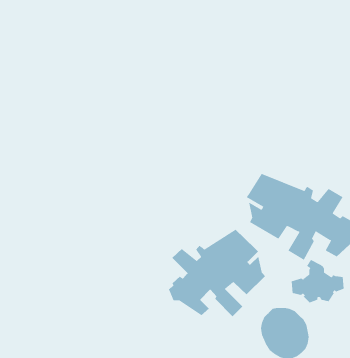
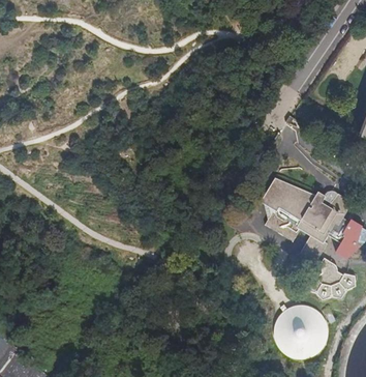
building: [168,229,266,317] -> none

